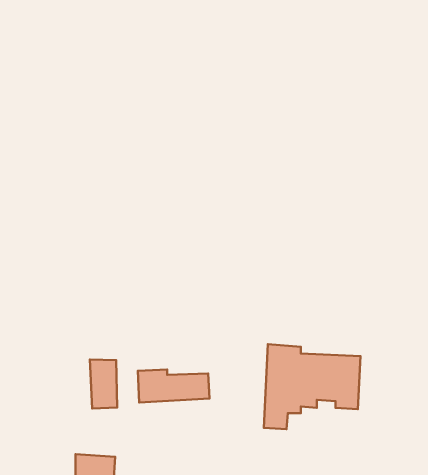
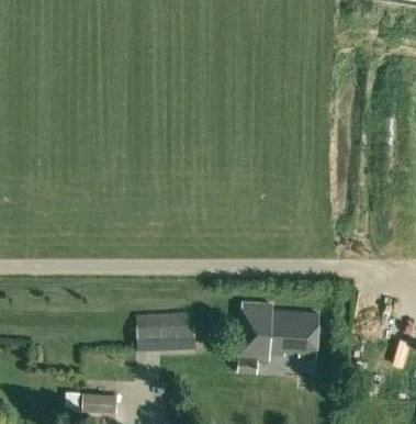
building: [90,360,117,409] -> none

